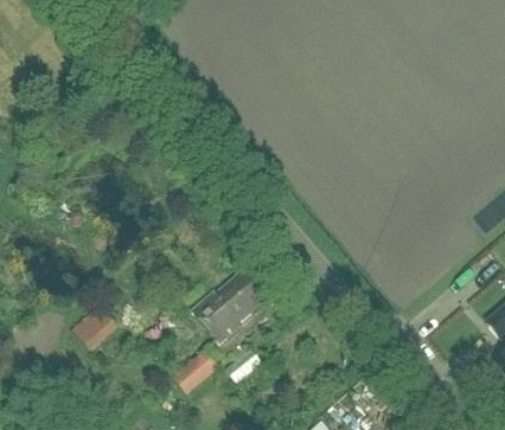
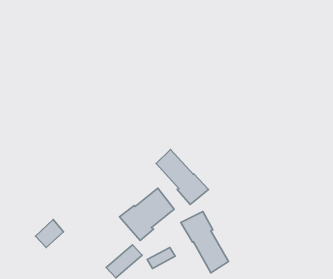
building: none -> [156,149,209,205]
building: none -> [181,211,229,273]

